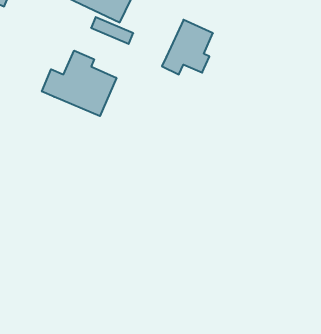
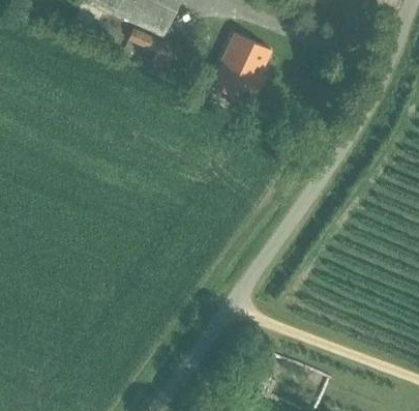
building: [42,51,116,116] -> none

